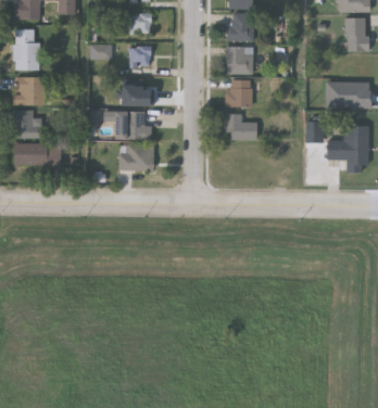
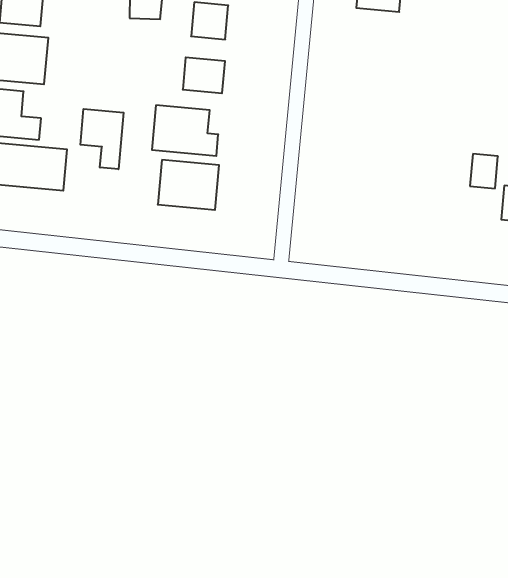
building: [228,47,253,74] -> none
building: [227,80,253,106] -> none
building: [226,114,257,140] -> none
building: none -> [80,109,124,169]

